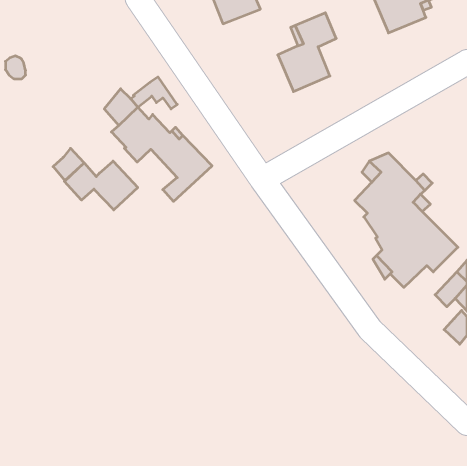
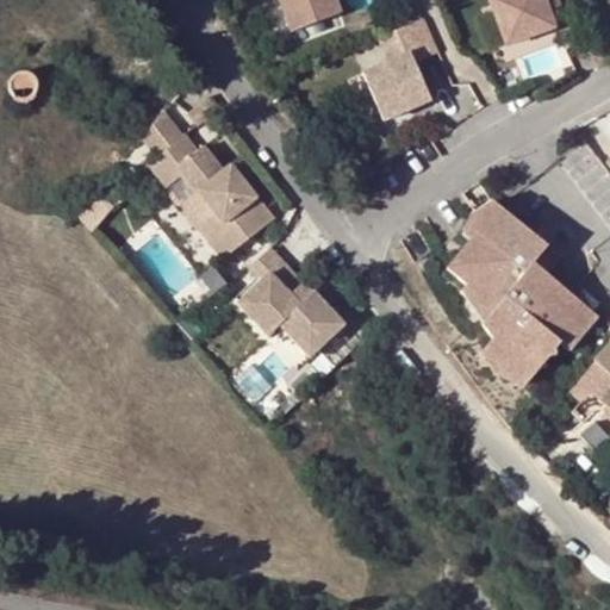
building: [64,161,138,210] -> none
building: none -> [236,270,344,356]

